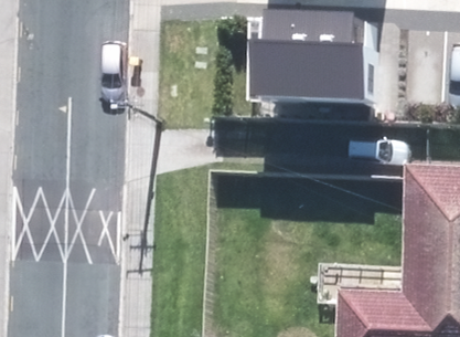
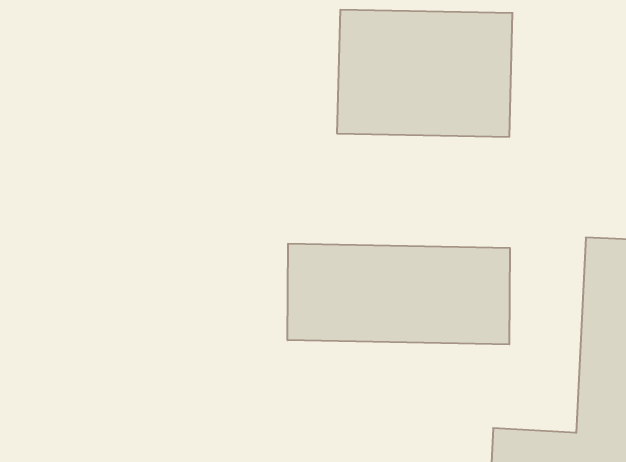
building: none -> [288,244,510,344]

